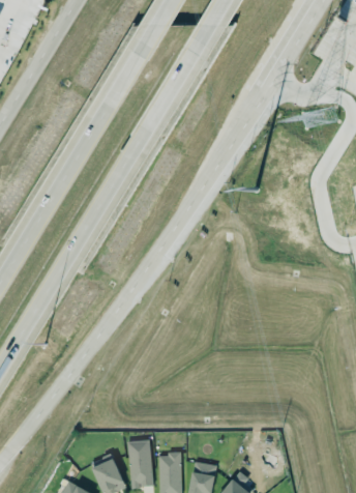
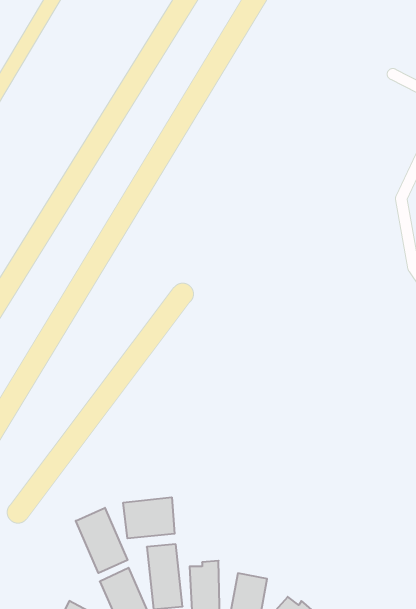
building: none -> [123,497,175,538]
building: none -> [76,508,128,573]

